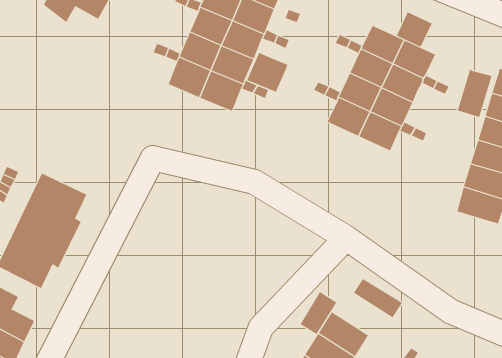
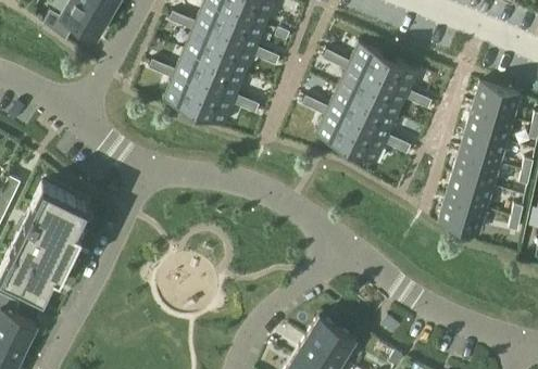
building: [396,12,432,47] -> none
building: [247,52,288,93] -> none
building: [457,68,492,118] -> none
building: [353,278,403,318] -> none
building: [300,291,337,335] -> none

